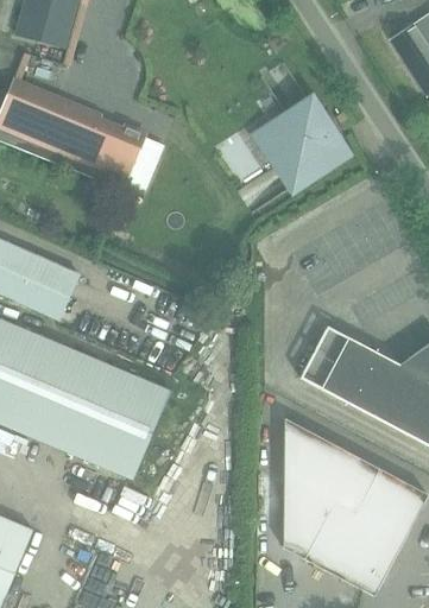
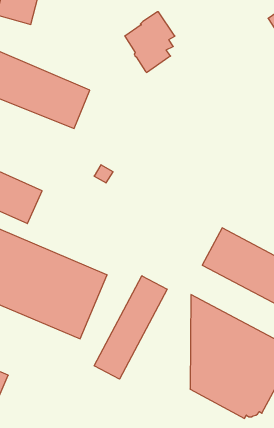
building: [264,103,333,186] -> [125,12,175,72]
building: none -> [94,276,167,379]

